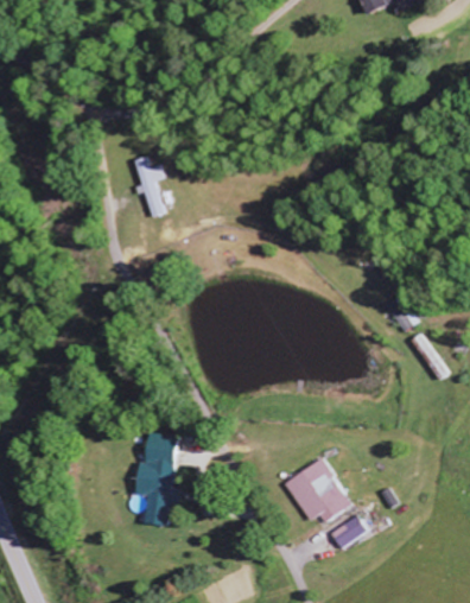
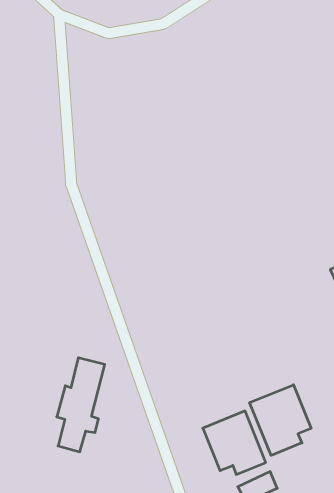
building: [133,154,166,216] -> none
building: none -> [250,385,311,455]

